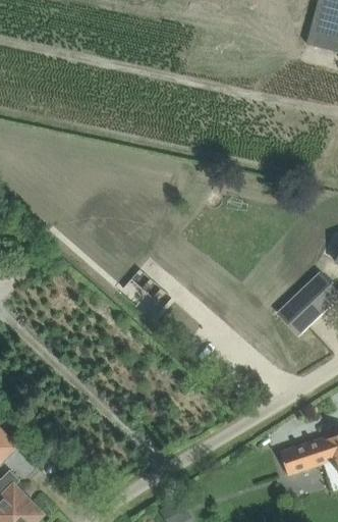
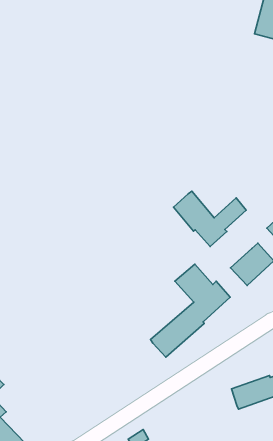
building: none -> [173,191,246,246]
building: none -> [151,264,230,357]

